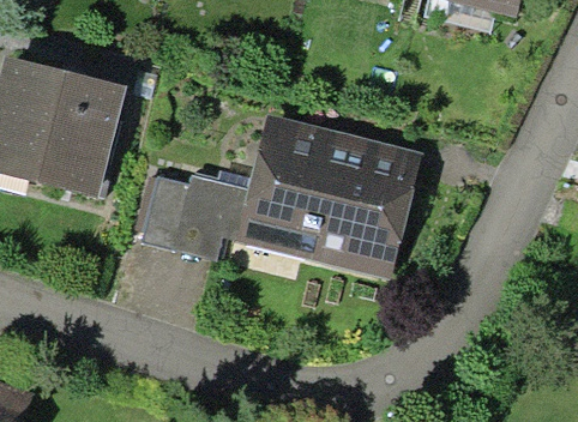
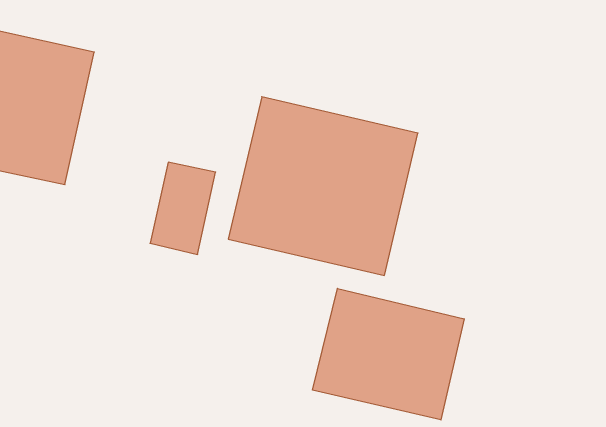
building: none -> [313,288,464,420]

